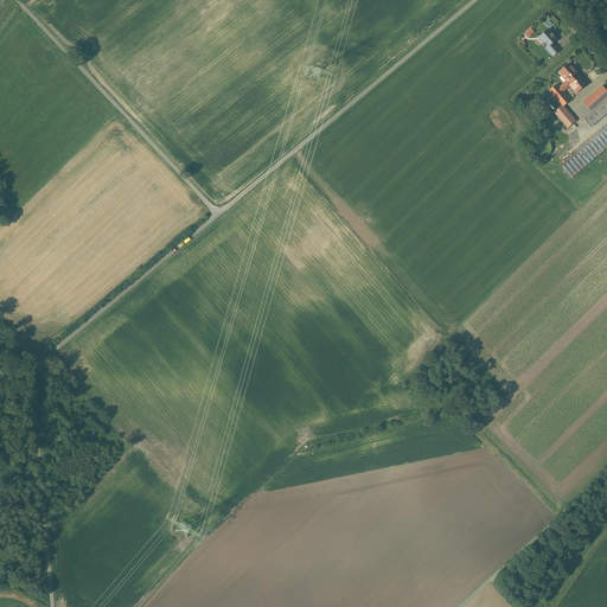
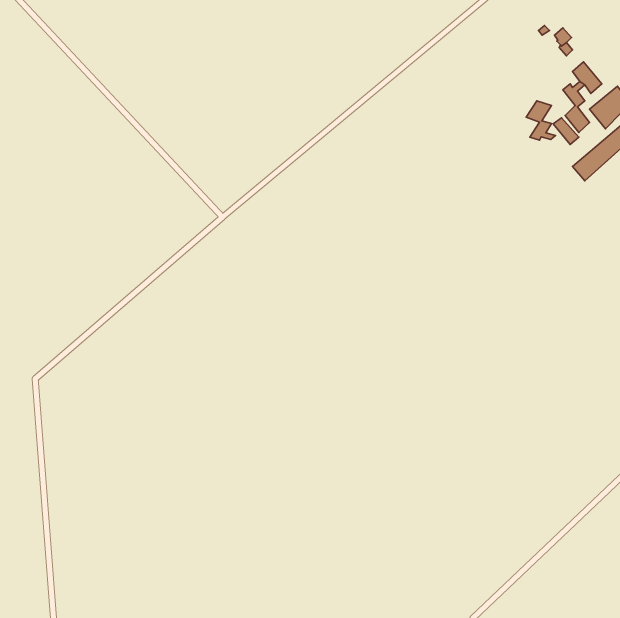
building: none -> [526,101,555,140]

